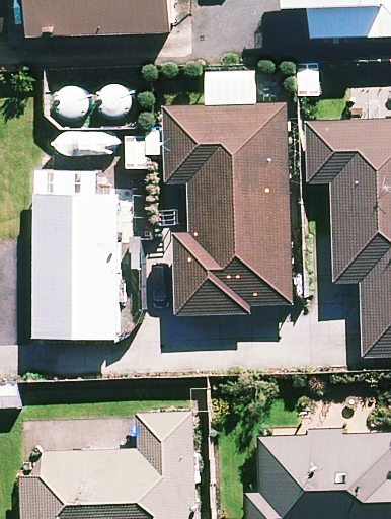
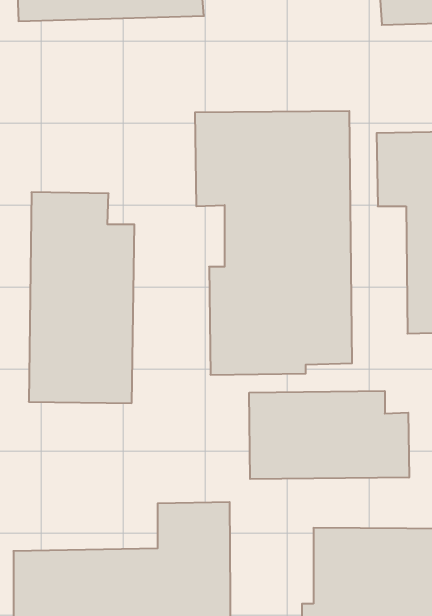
building: none -> [249,391,409,479]

